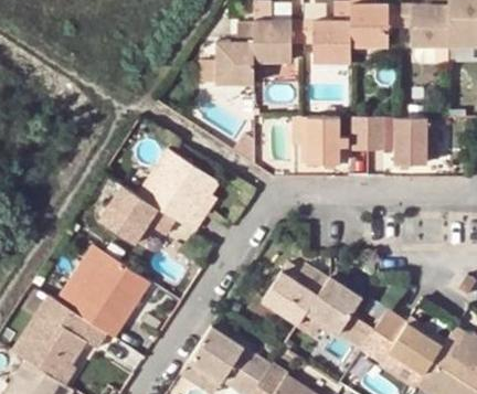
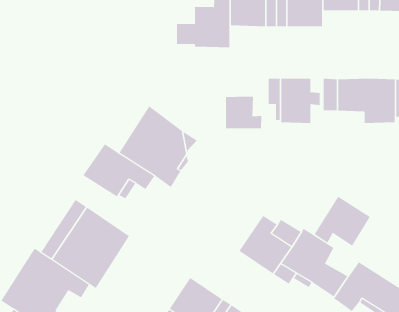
building: none -> [225,96,262,129]
building: none -> [314,196,371,246]

